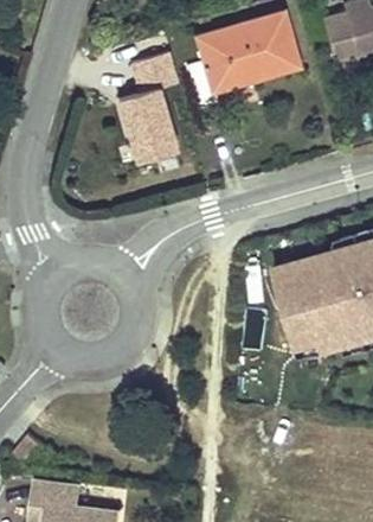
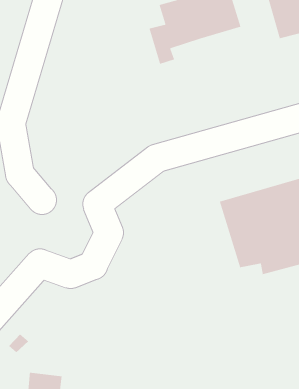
building: [118,56,175,161] -> none

